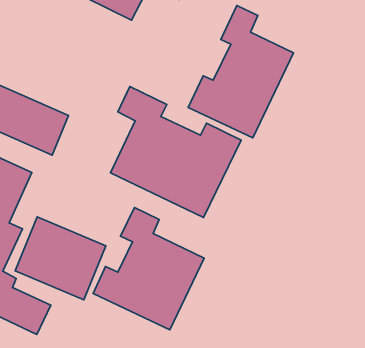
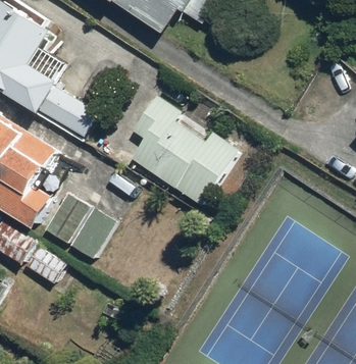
building: [188,5,294,138] -> none
building: [93,207,204,330] -> none

